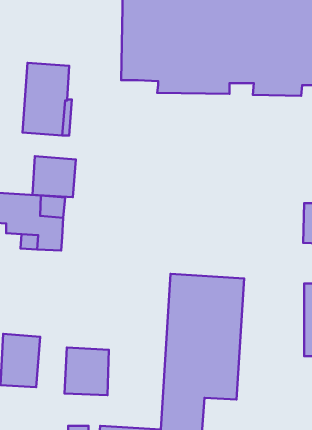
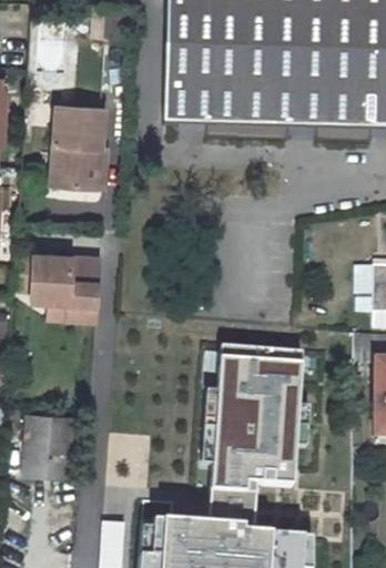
building: [32,156,76,197] -> none
building: [64,347,109,395] -> none

